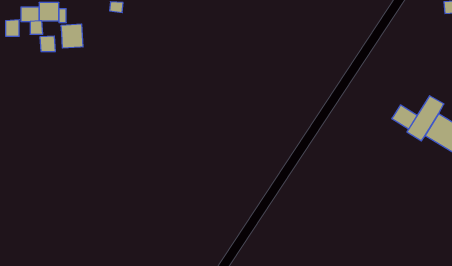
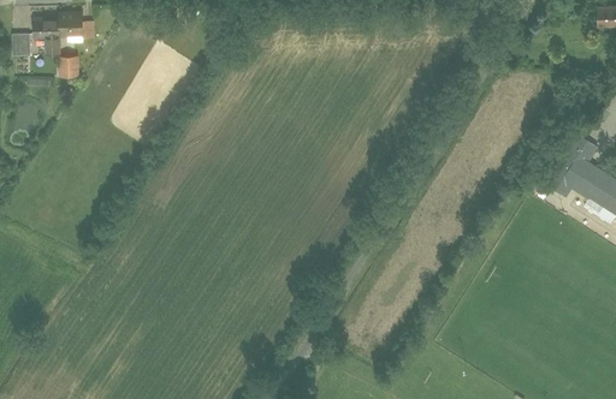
building: [61,24,83,48] -> none
building: [392,105,417,129] -> none

